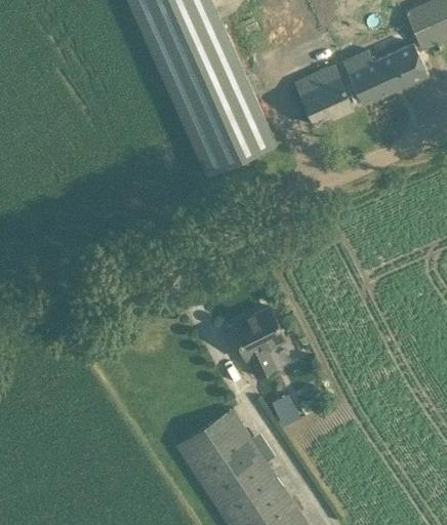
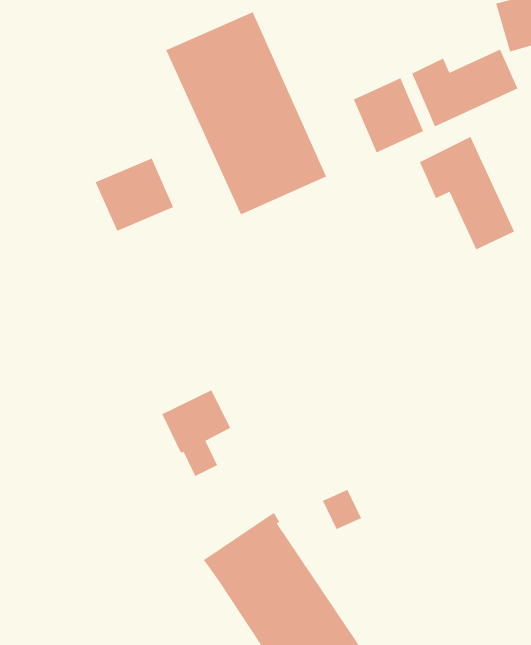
building: none -> [419,136,515,250]
building: none -> [95,157,174,232]
building: [230,308,285,377] -> [161,389,231,477]

